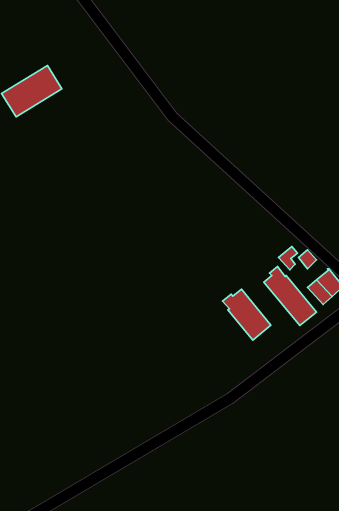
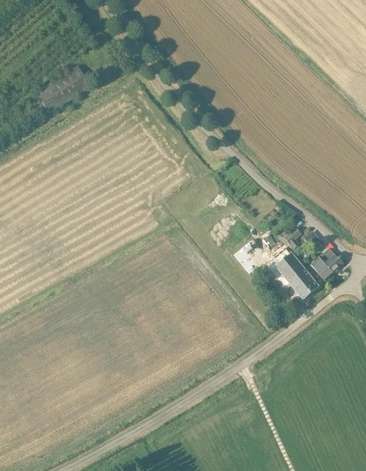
building: [222,289,271,340] -> none

